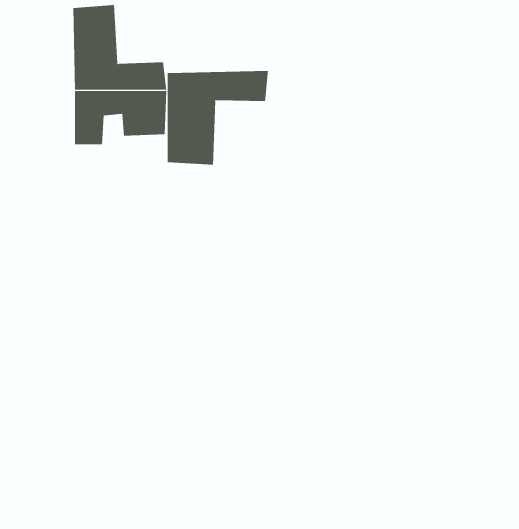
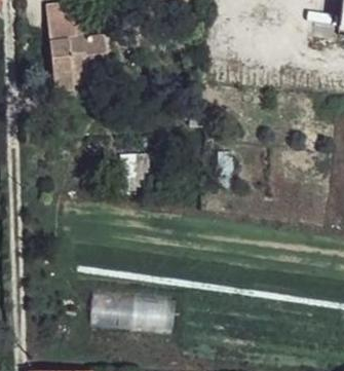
building: [167,70,269,166] -> none

